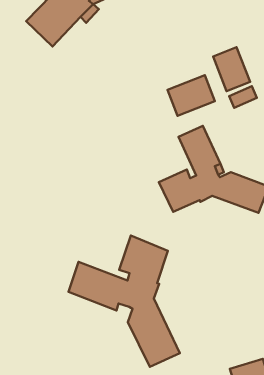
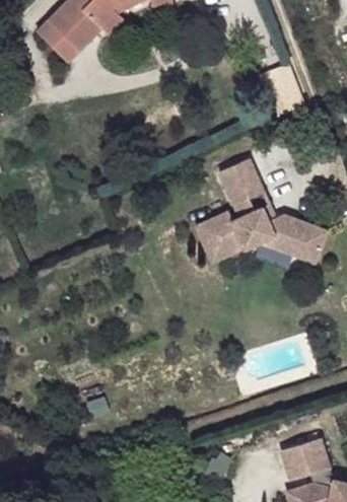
building: [168,75,215,116] -> none
building: [69,236,180,367] -> none

